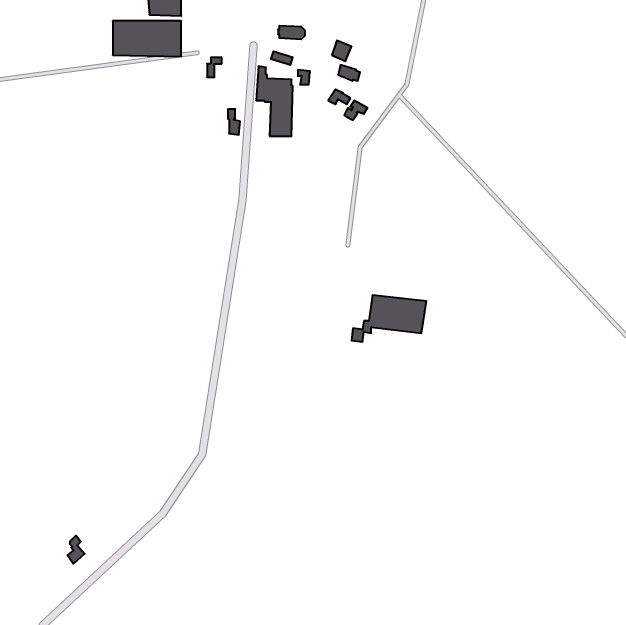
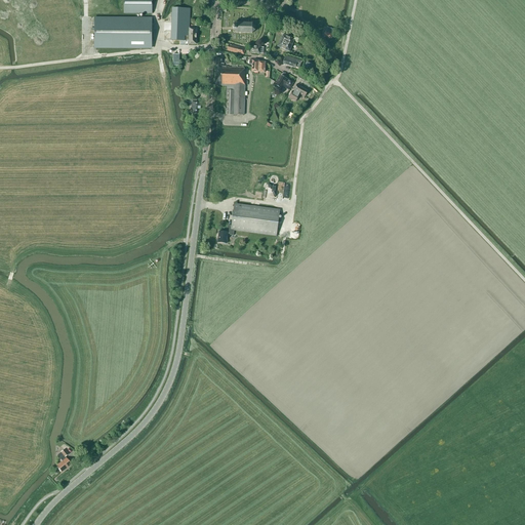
building: none -> [171,7,197,43]
building: [352,295,426,342] -> [217,203,280,242]

